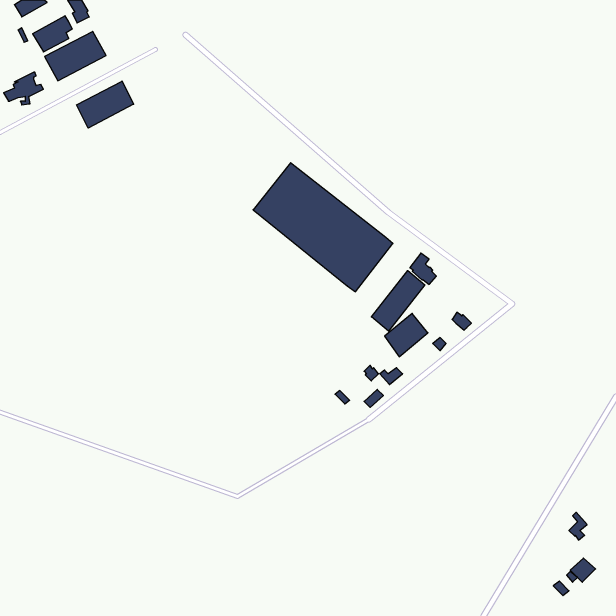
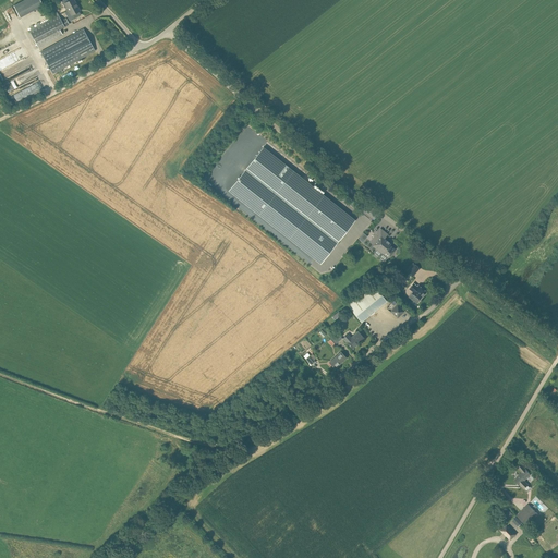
building: [77,81,134,128] -> none
building: [371,271,425,331] -> none

